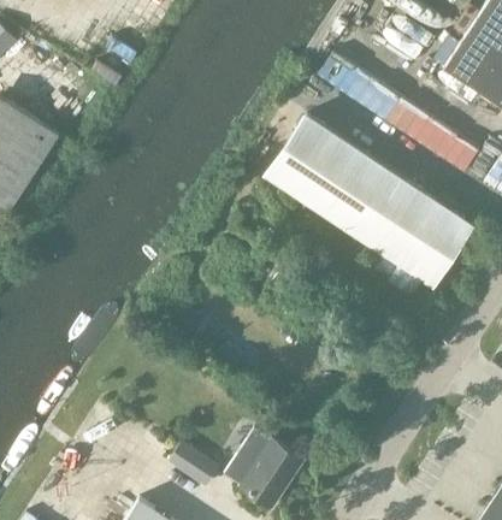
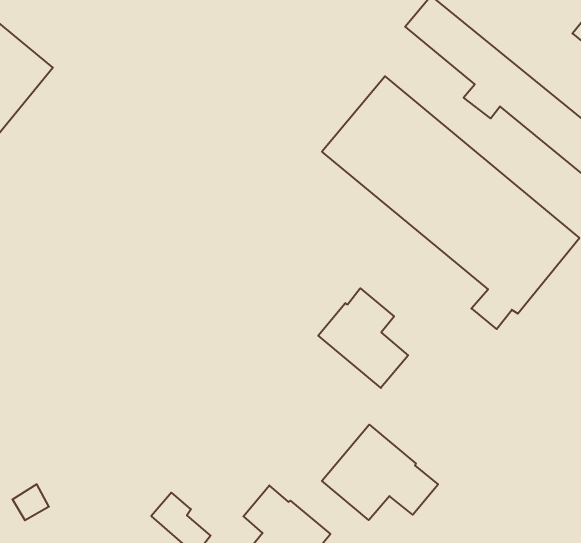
building: none -> [318,288,408,388]
building: none -> [322,425,438,520]

